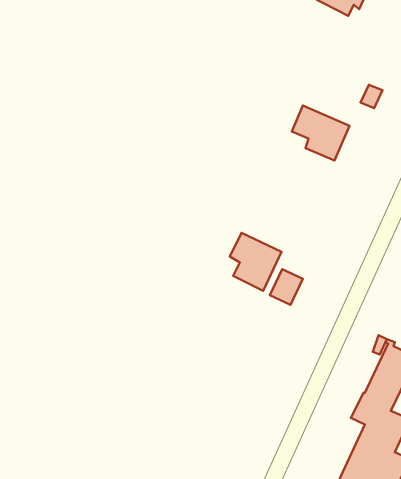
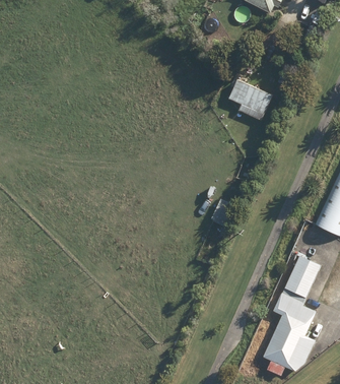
building: [230,233,281,291] -> none

